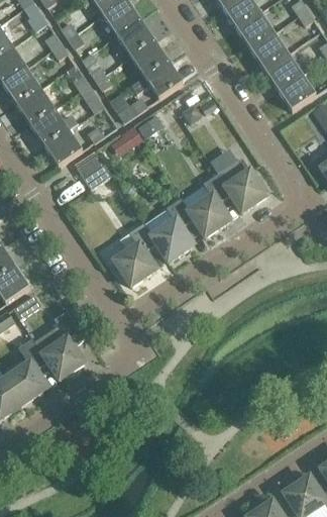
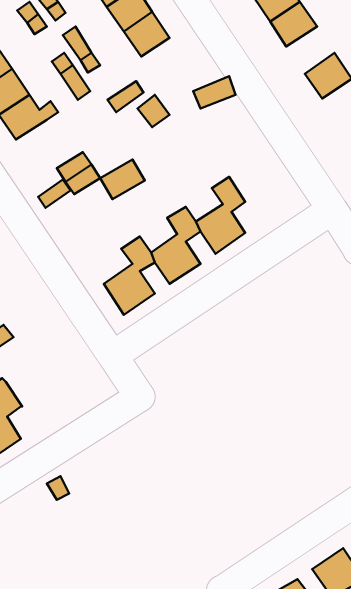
building: [262,51,302,90] -> none
building: [144,61,182,97] -> none
building: [111,120,147,152] -> [100,160,145,199]
building: [42,127,81,165] -> none
building: [216,157,266,212] -> none
building: [34,310,84,379] -> none

